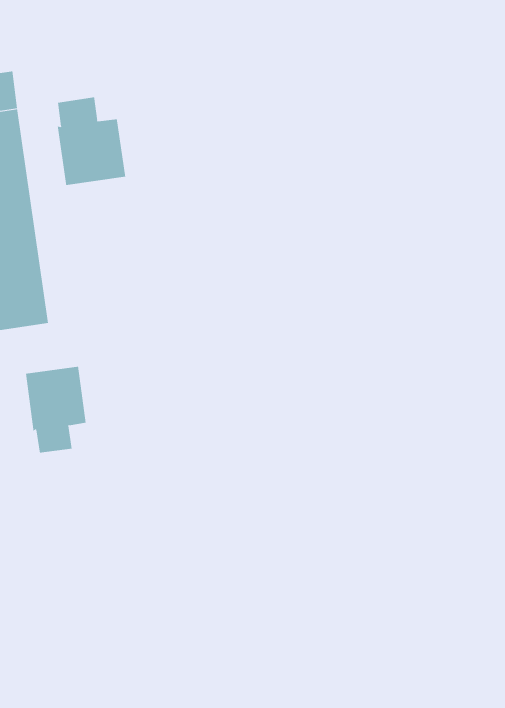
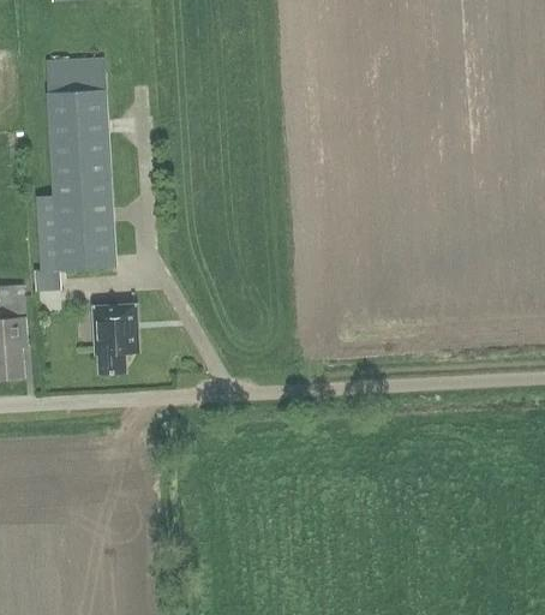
building: [57,97,126,186] -> none

